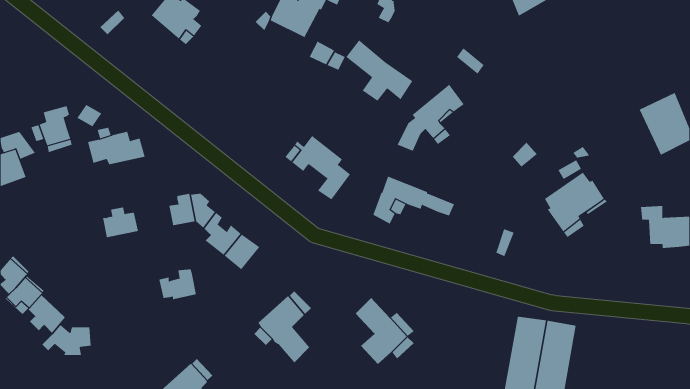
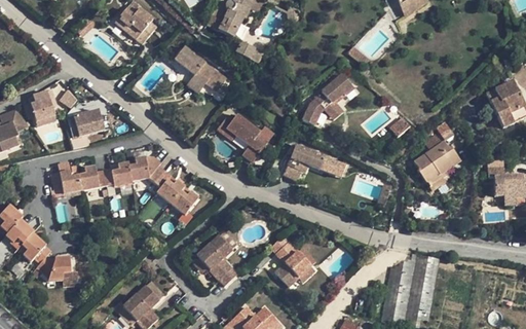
building: [345,39,413,101] -> [175,44,226,92]
building: none -> [51,161,81,193]
building: [159,269,196,300] -> [103,162,132,186]

